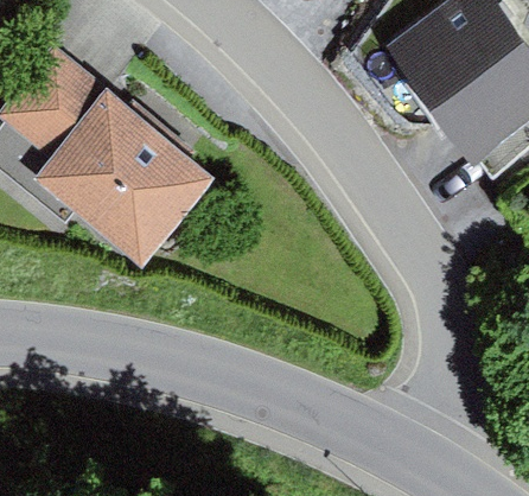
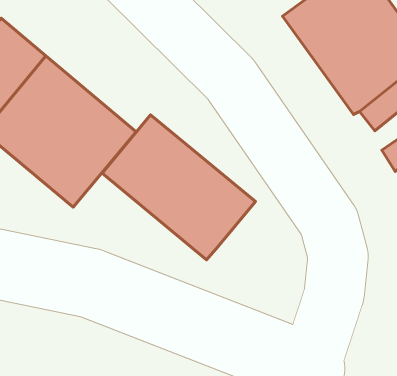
building: none -> [102,115,256,260]

